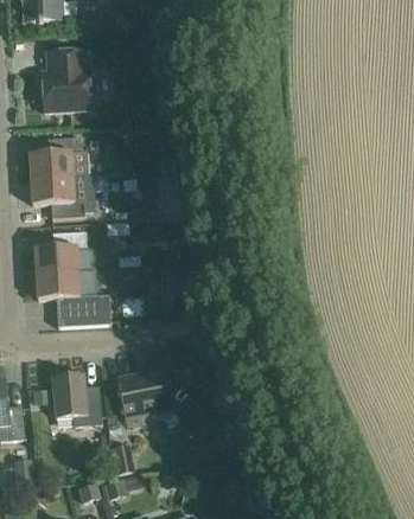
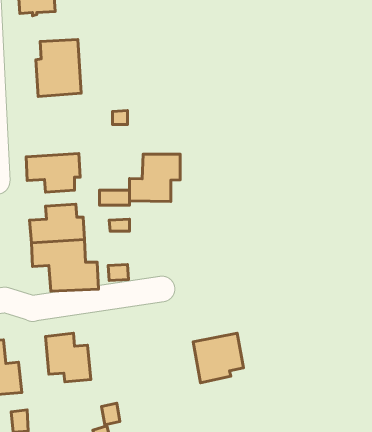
building: [30,136,89,179] -> none
building: none -> [130,154,180,202]
building: [117,370,173,424] -> [193,333,244,383]

